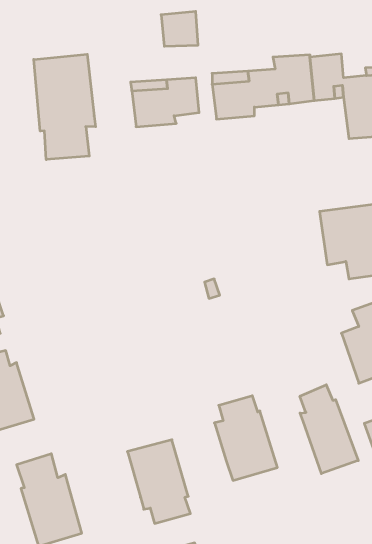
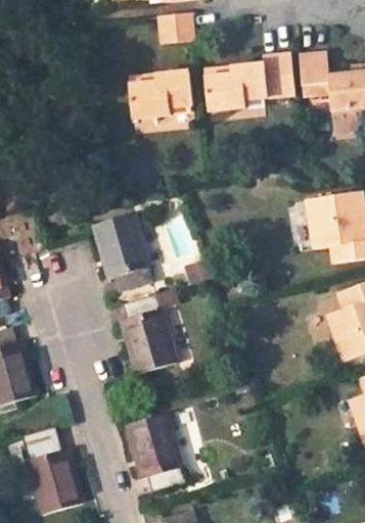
building: [34,54,96,160] -> none
building: none -> [93,213,150,291]
building: [300,385,358,474] -> none
building: [214,396,277,480] -> [119,295,178,375]

